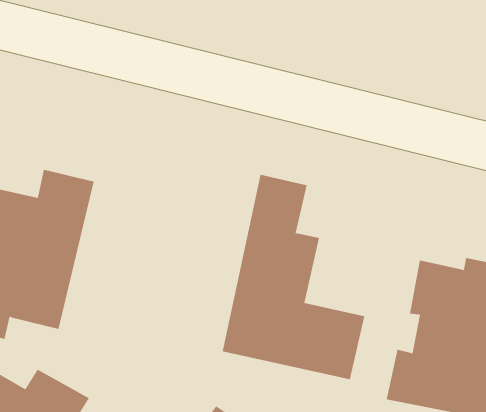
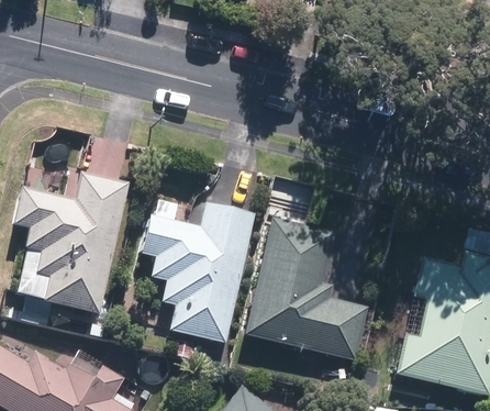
building: none -> [140,198,257,345]

